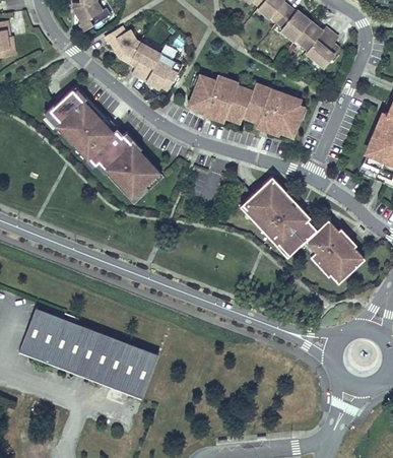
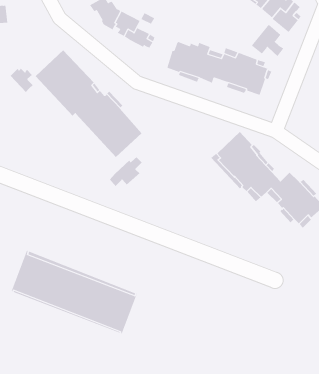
building: none -> [252,24,284,57]
building: none -> [10,68,34,93]
building: none -> [109,156,143,187]

